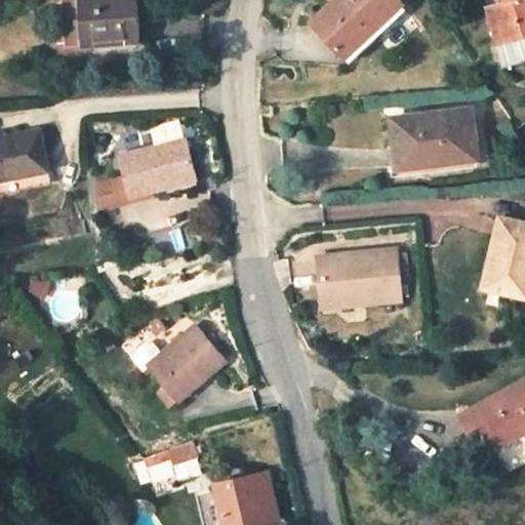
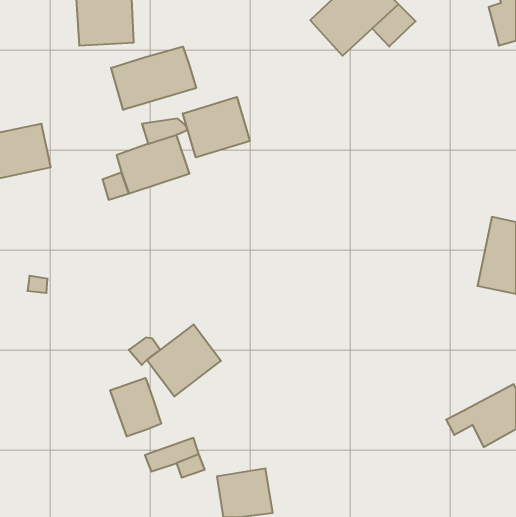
building: none -> [111,47,196,110]
building: none -> [183,97,250,157]
building: [390,110,471,165] -> none
building: [320,251,402,309] -> none
building: none -> [110,378,161,437]

